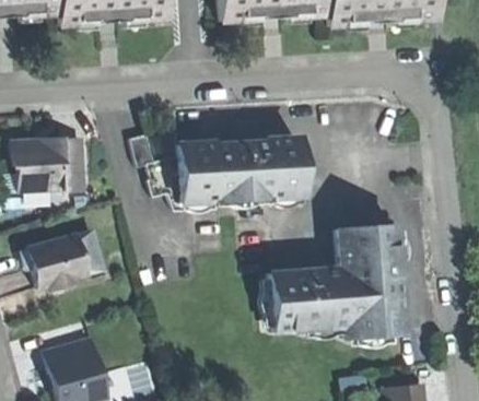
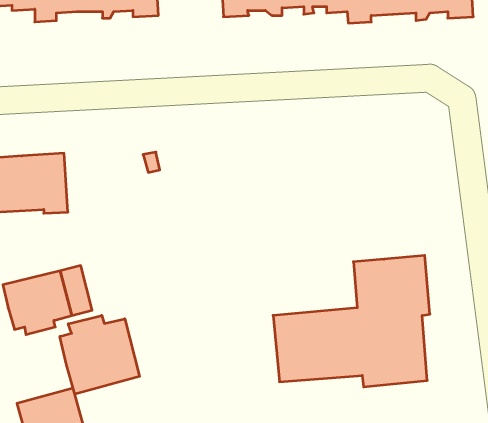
building: [129,134,300,210] -> none
building: none -> [60,315,140,394]

